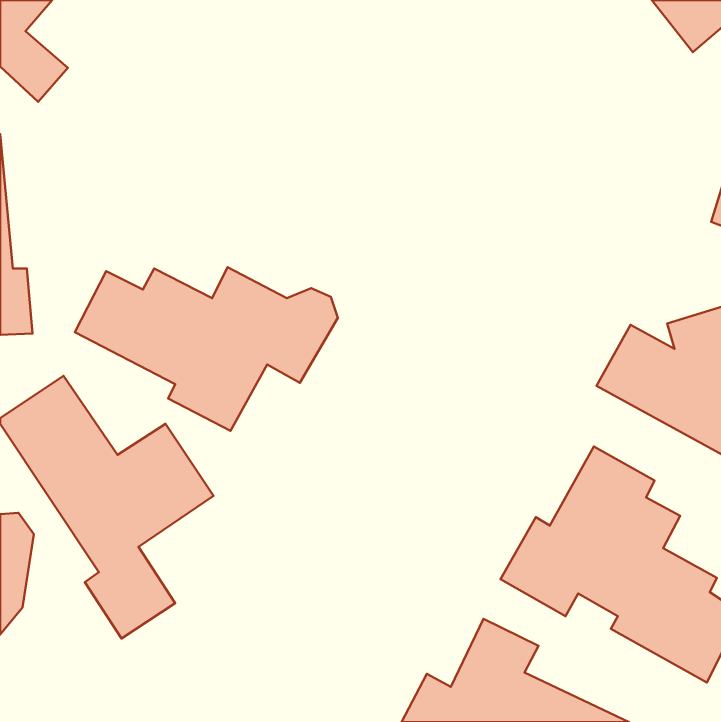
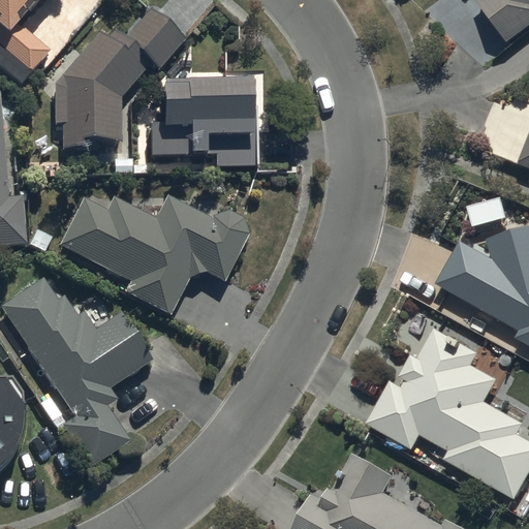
building: none -> [61,9,185,149]
building: none -> [146,76,255,169]

